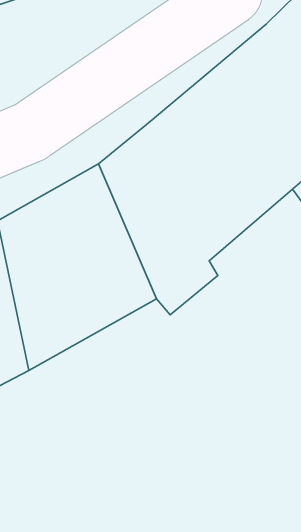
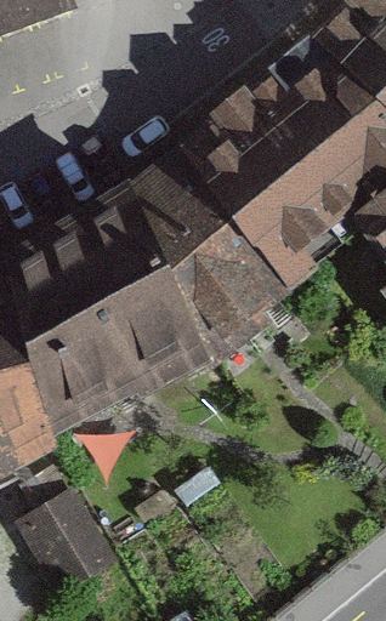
building: none -> [22,468,110,592]

